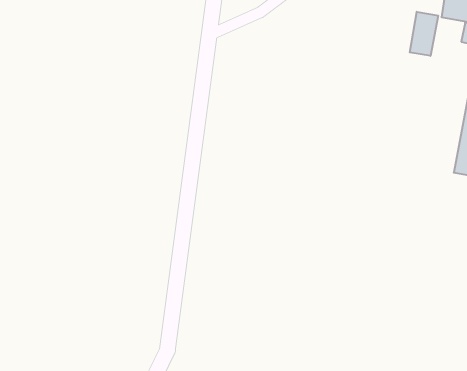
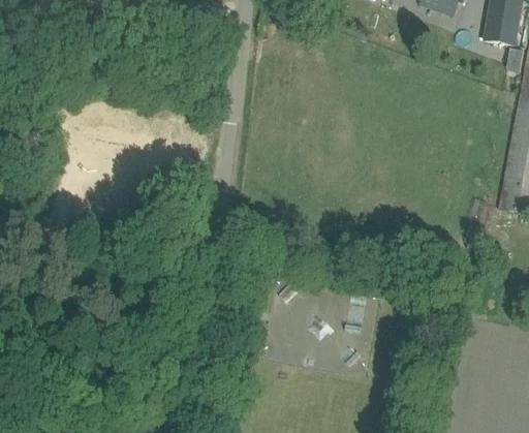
building: [410,12,438,56] -> none

